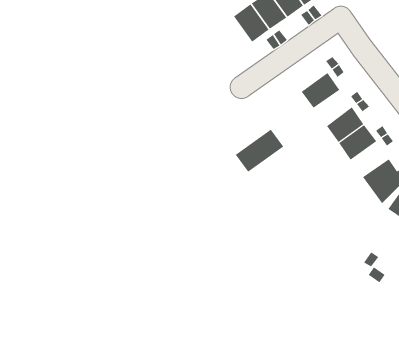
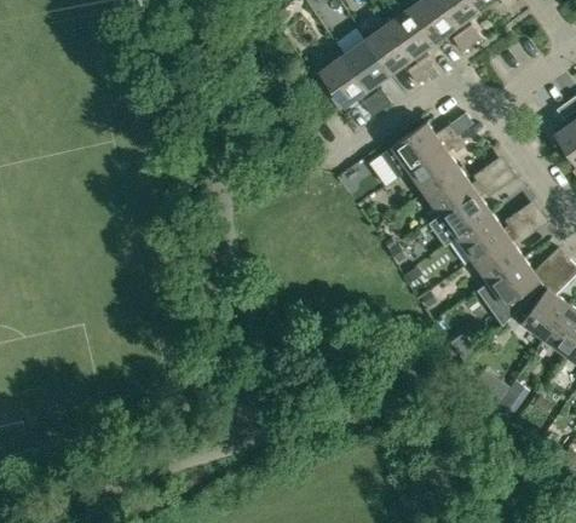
building: none -> [424,168,474,215]
building: [235,129,284,172] -> [379,122,443,179]
building: none -> [472,235,523,282]

